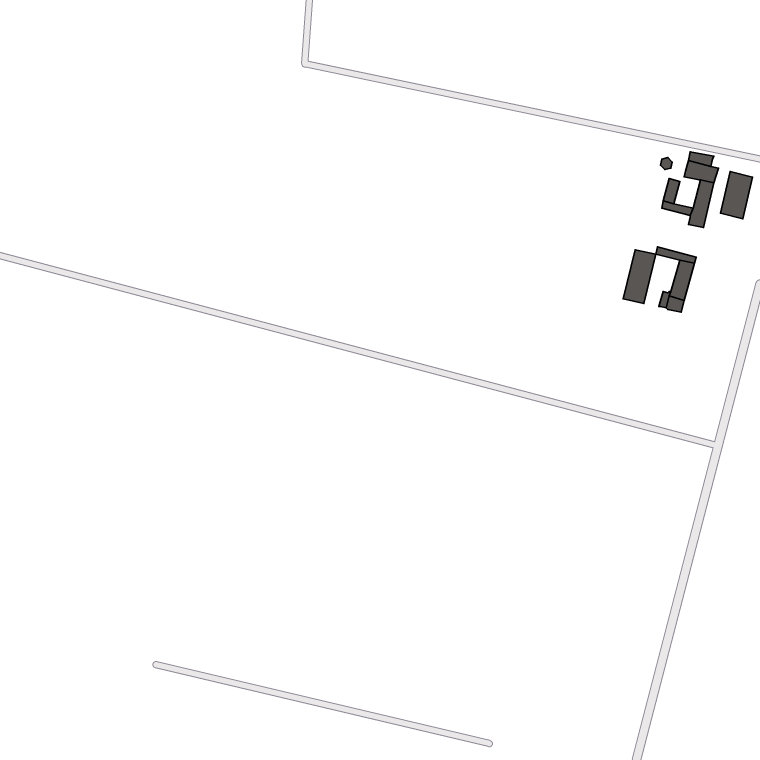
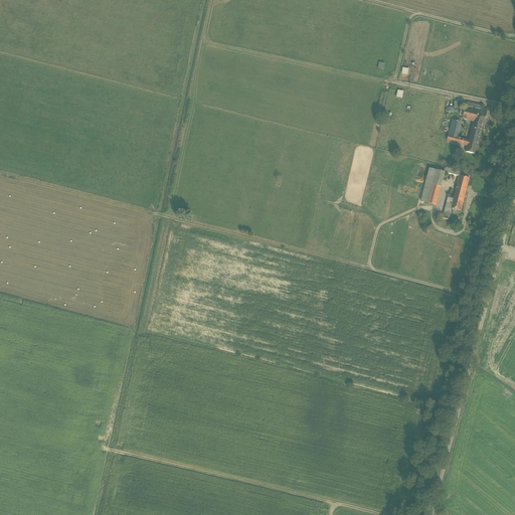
building: [721,171,752,219] -> none

